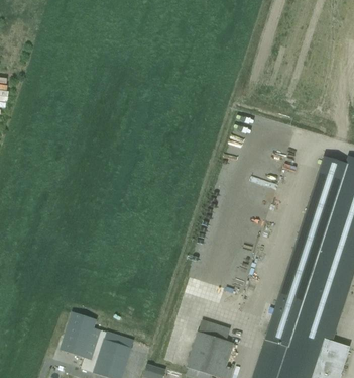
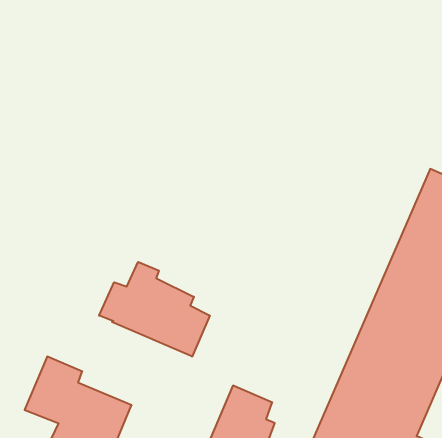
building: none -> [99,262,210,357]

